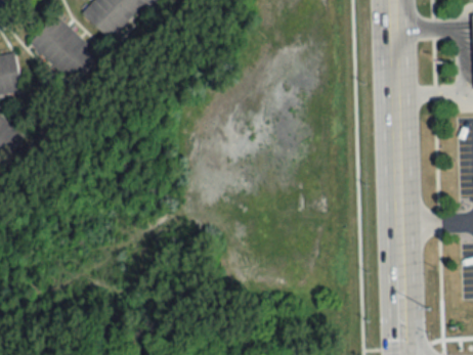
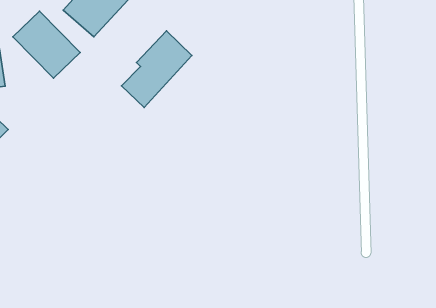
building: none -> [122,31,192,107]

